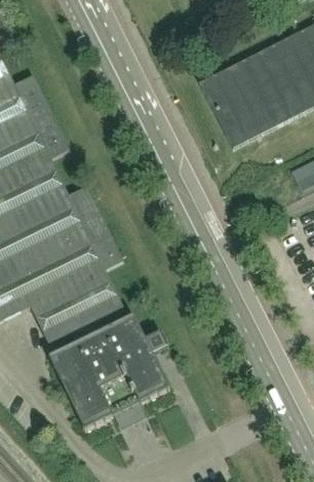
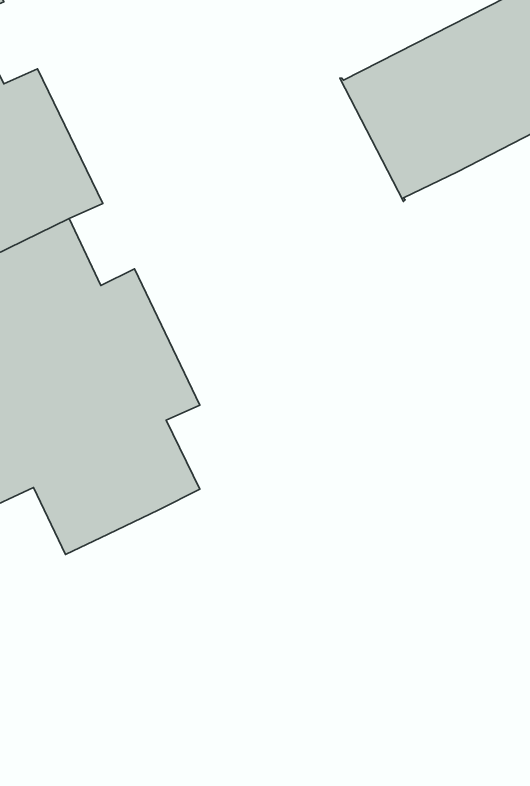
building: [47,314,168,431] -> none

